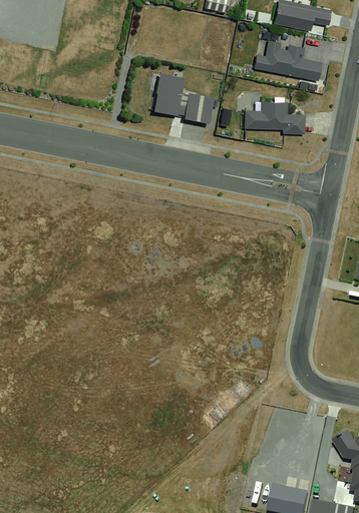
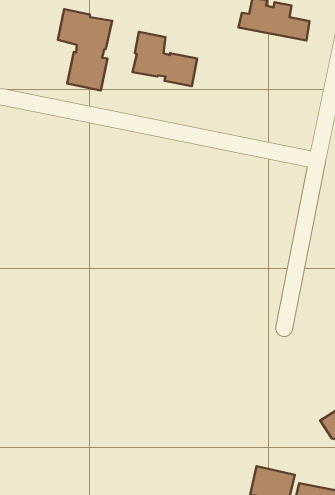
building: none -> [58,9,112,90]
building: [245,101,307,134] -> none

